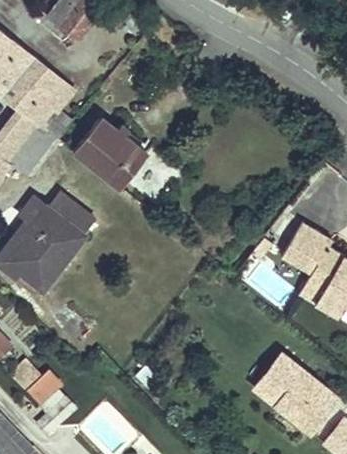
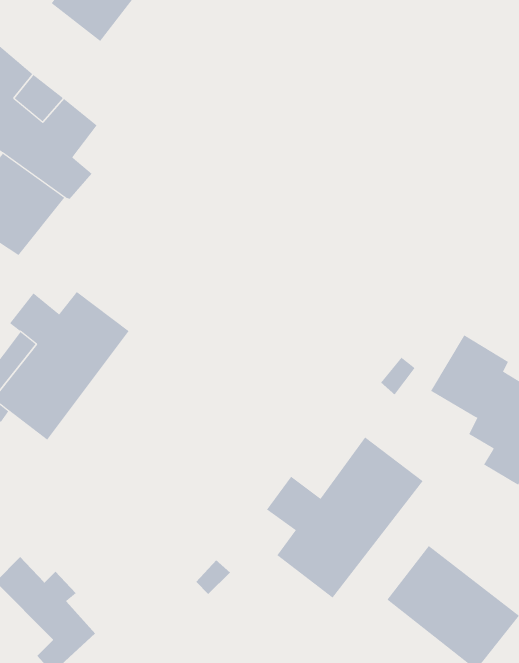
building: [74,118,148,189] -> none
building: none -> [266,437,423,598]

